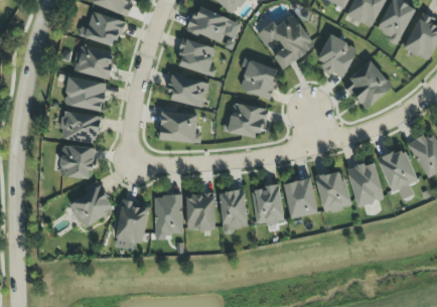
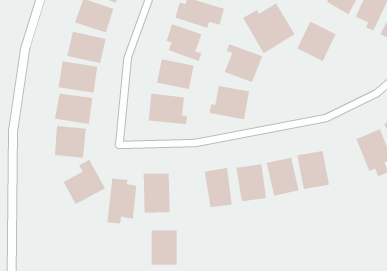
building: [342,60,393,110] -> none
building: [346,161,385,207] -> none
building: [186,193,214,231] -> [151,230,177,265]

